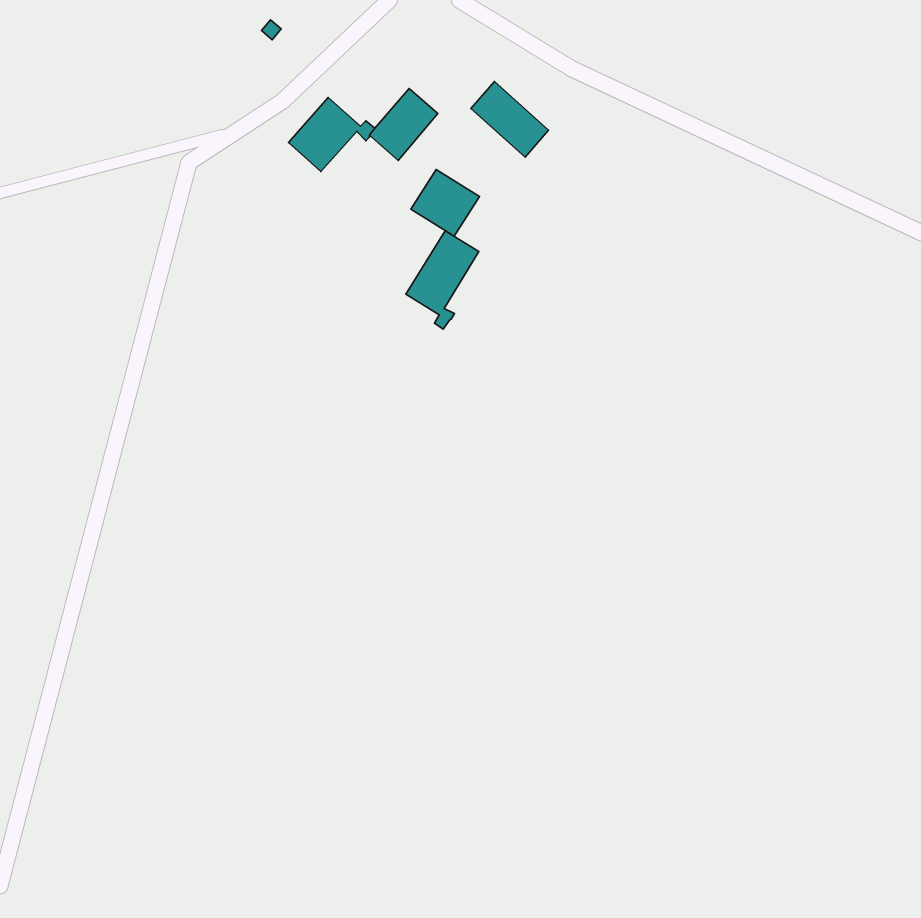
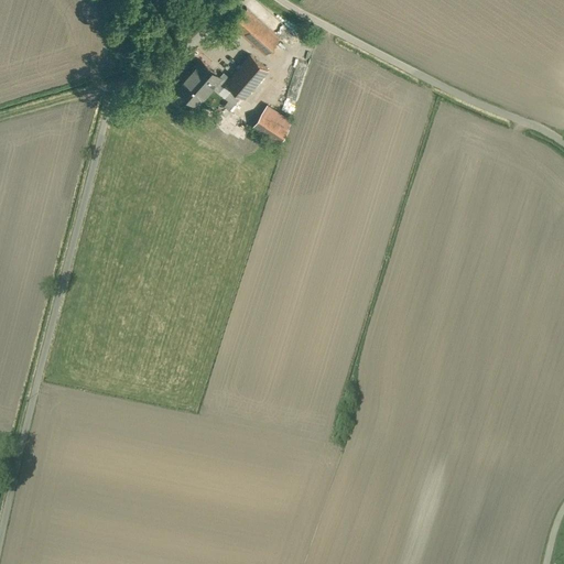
building: [471,82,548,157] -> [232,10,280,56]
building: [406,231,479,329] -> none

